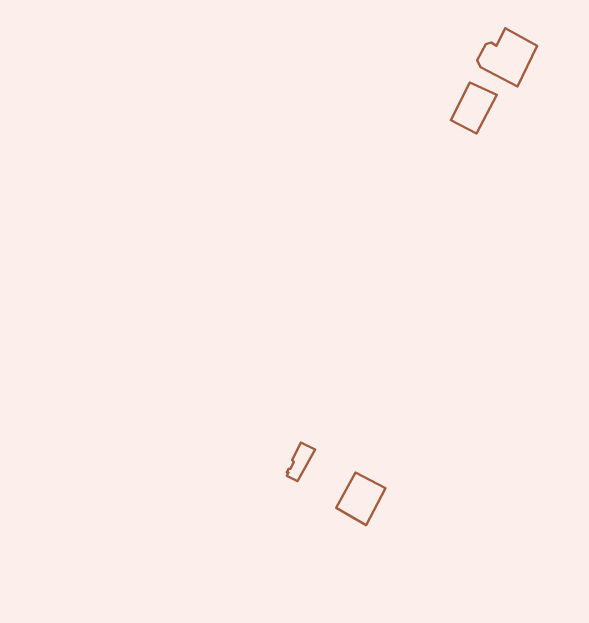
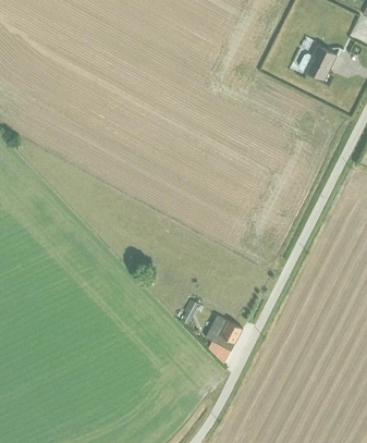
building: [451,82,497,134] -> none

